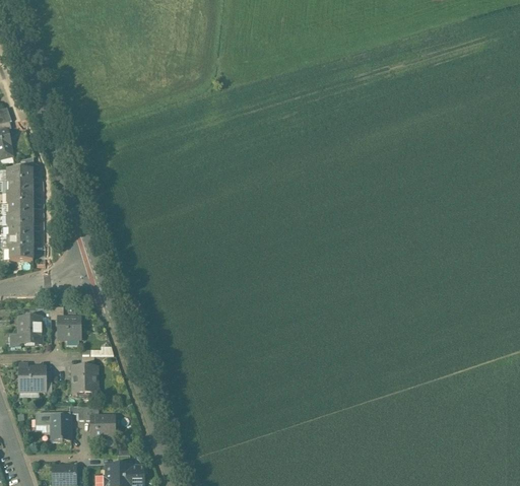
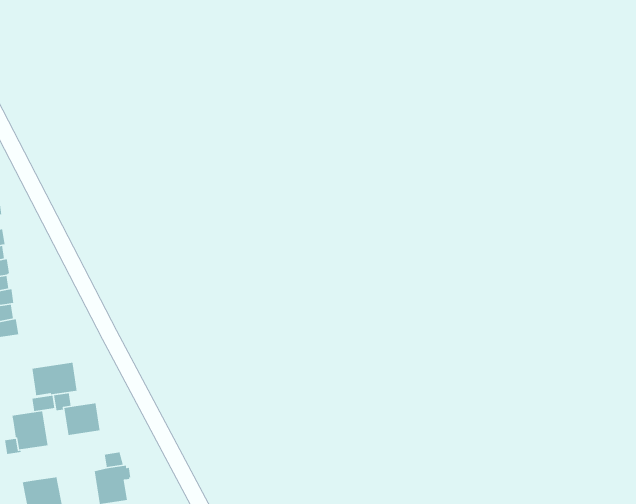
building: none -> [31,362,77,396]

